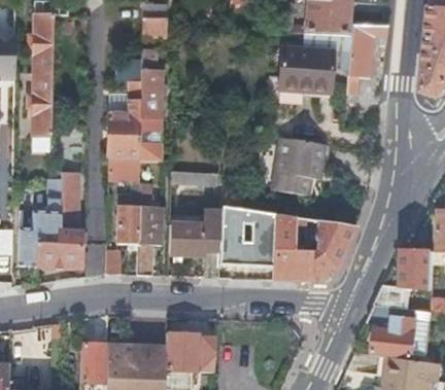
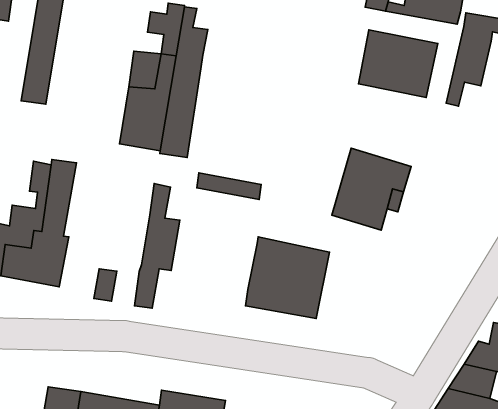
building: [108,156,140,244] -> none
building: [272,213,356,281] -> none
building: [168,215,216,255] -> none

